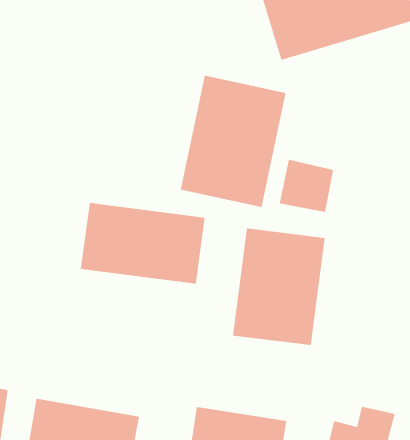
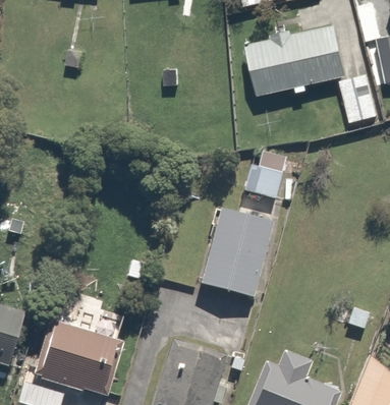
building: [180,75,286,208] -> none
building: [80,202,205,285] -> none

